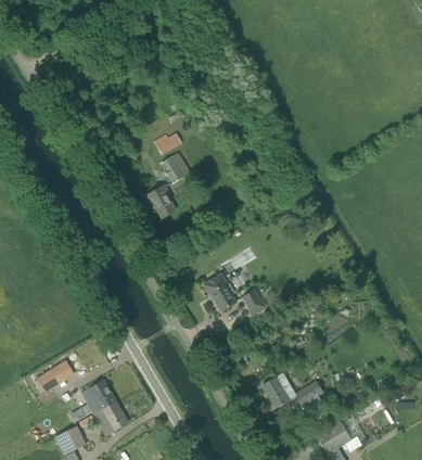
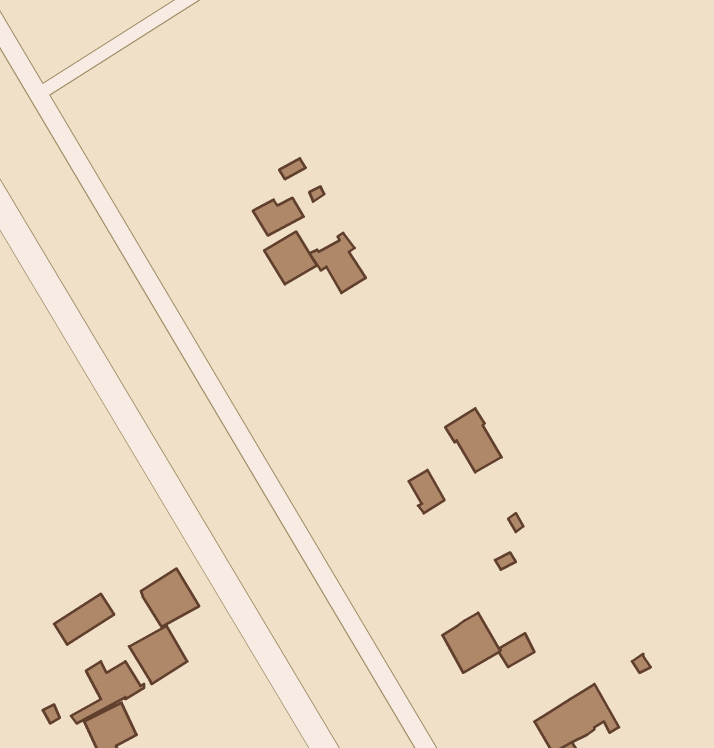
building: [144,183,177,218] -> [310,233,366,293]
building: [203,273,235,310] -> [445,408,502,472]
building: [94,400,128,434] -> [141,569,199,627]

